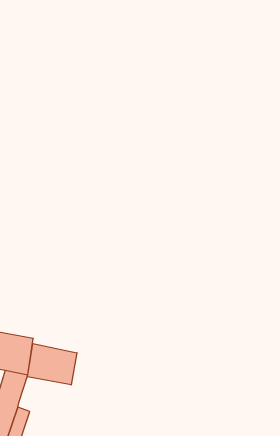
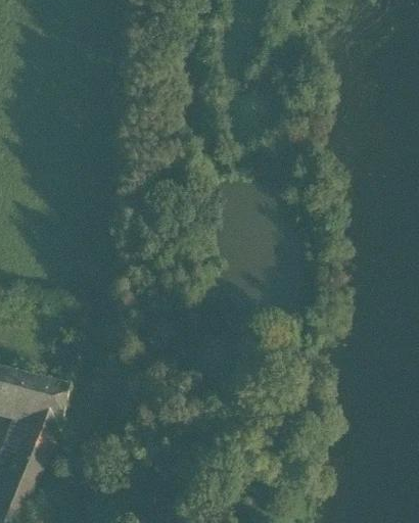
building: [28,344,77,385] -> none

